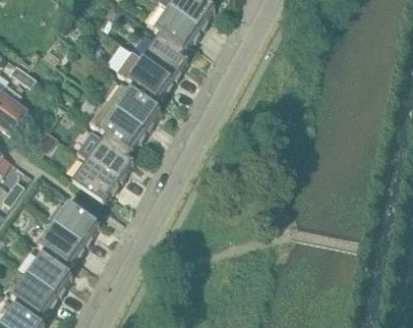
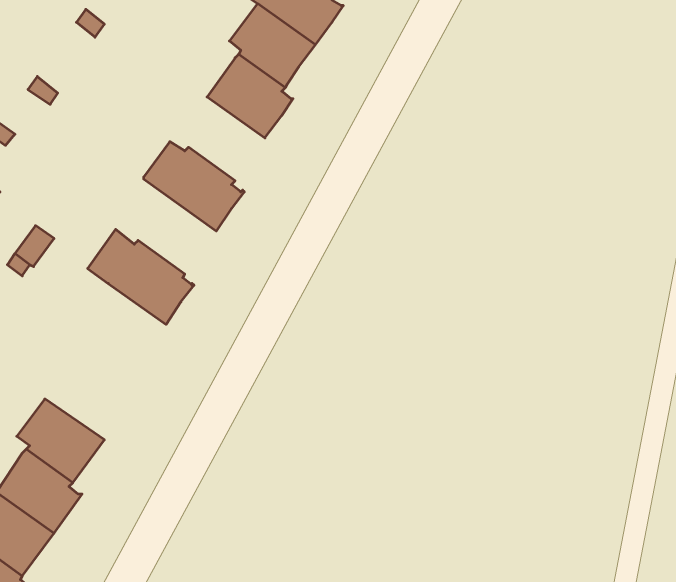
building: [116,52,172,105] -> none
building: [88,102,145,156] -> none
building: [71,161,118,204] -> none
building: [52,203,99,247] -> none

